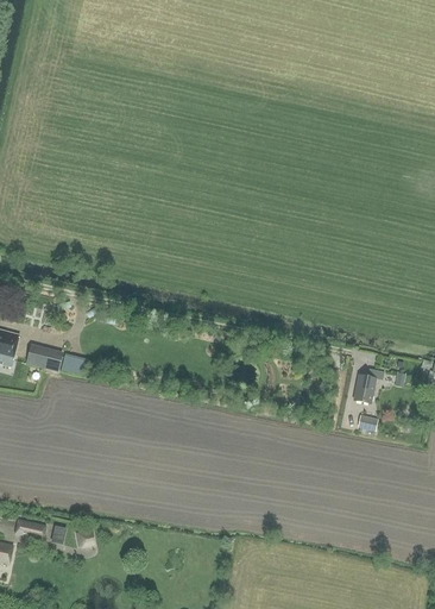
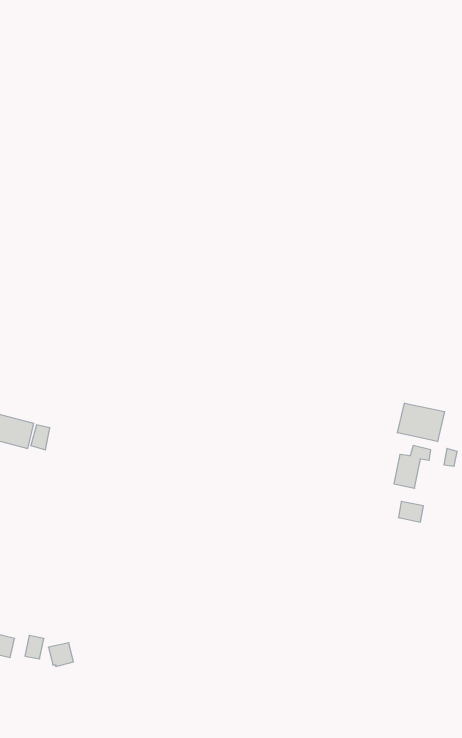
building: none -> [398,403,445,442]

